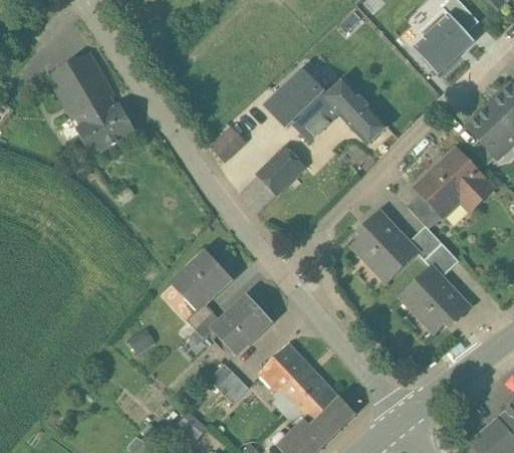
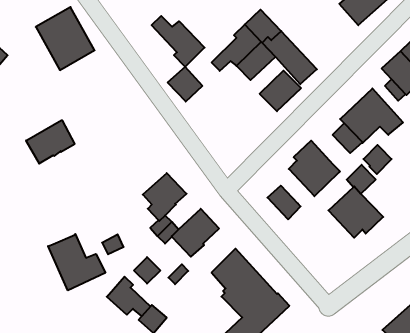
building: none -> [152,16,205,67]
building: [75,103,135,156] -> [26,120,75,164]
building: [255,145,305,194] -> [260,71,301,111]
building: [408,225,442,260] -> [363,145,392,174]
building: none -> [267,186,301,219]
building: none -> [48,234,105,290]
building: [216,371,248,403] -> [134,257,160,284]
building: none -> [107,277,151,316]

